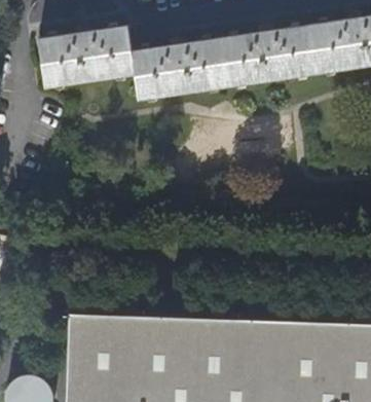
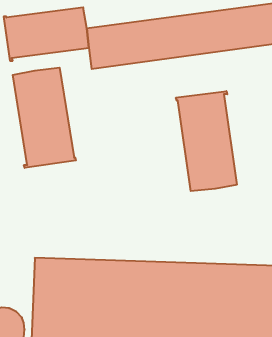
building: none -> [13,68,76,168]
building: none -> [176,91,237,191]

